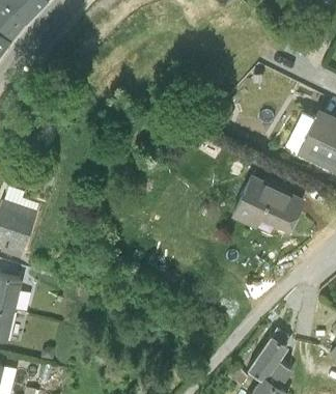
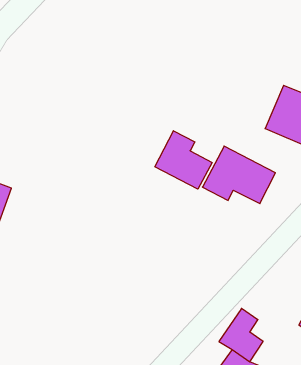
building: none -> [155,131,212,189]

